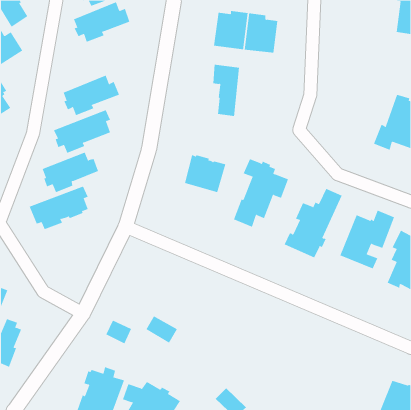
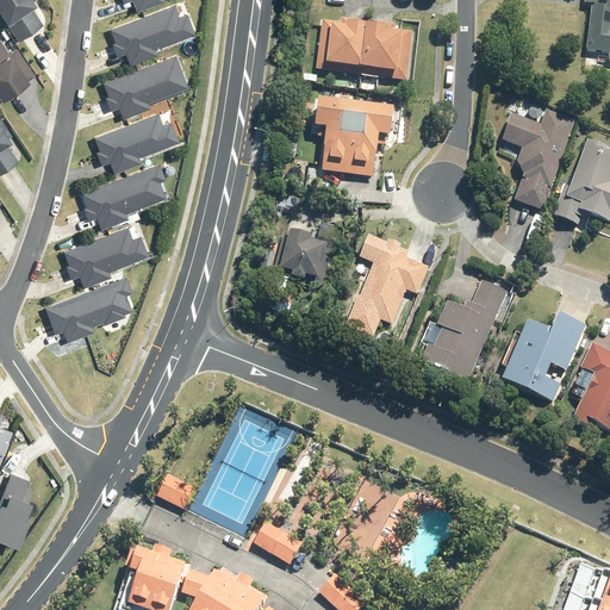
building: none -> [101,55,186,118]
building: none -> [348,101,393,176]
building: none -> [503,110,578,212]
building: [146,315,178,343] -> [254,524,301,566]

